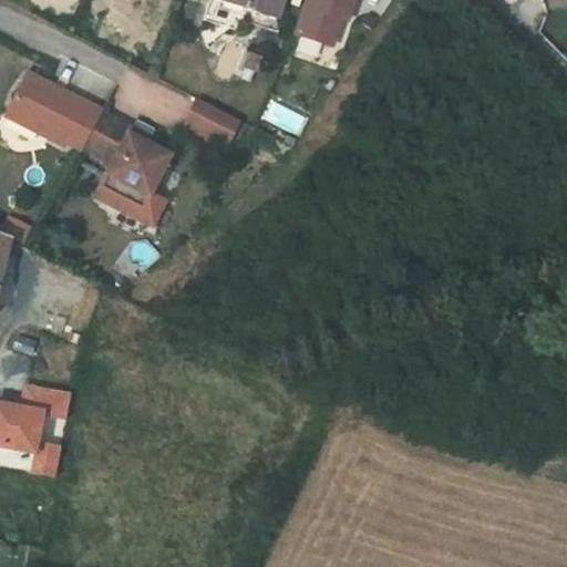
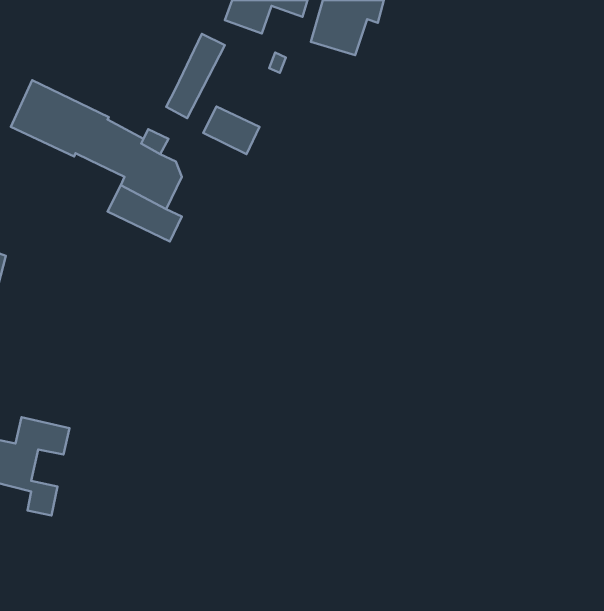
building: none -> [166,34,225,118]

